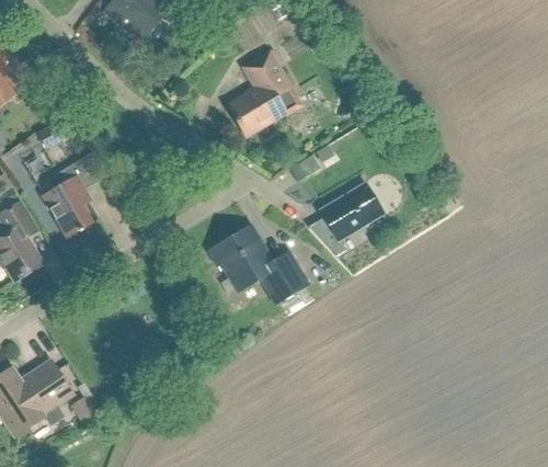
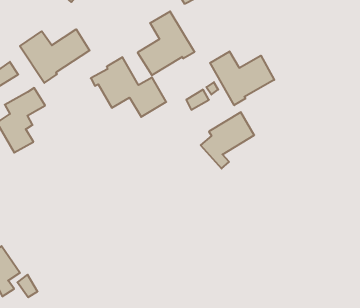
building: none -> [20,29,90,83]
building: none -> [210,51,274,105]
building: [209,225,308,303] -> [91,57,166,117]

